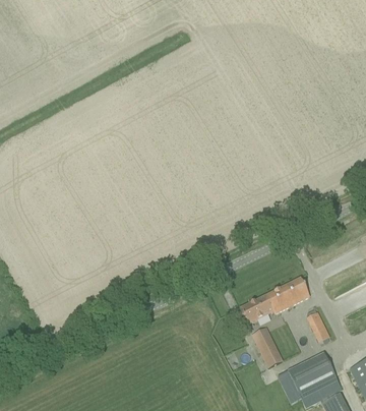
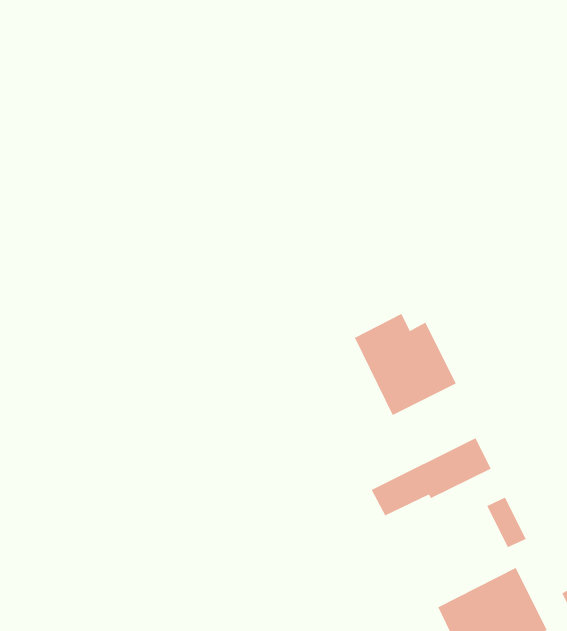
building: none -> [354,313,456,416]
building: [253,329,282,366] -> none

